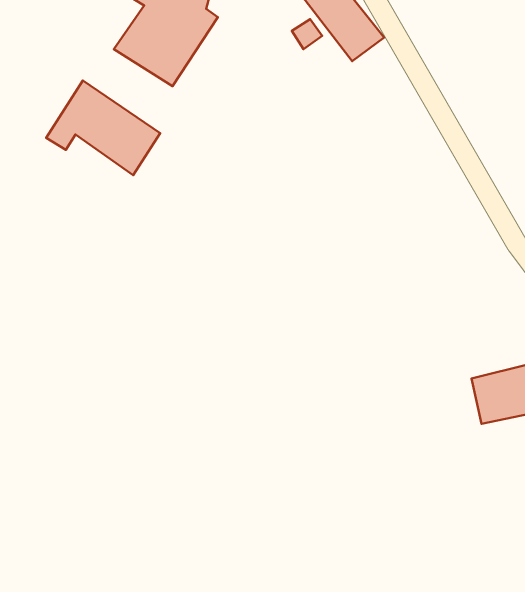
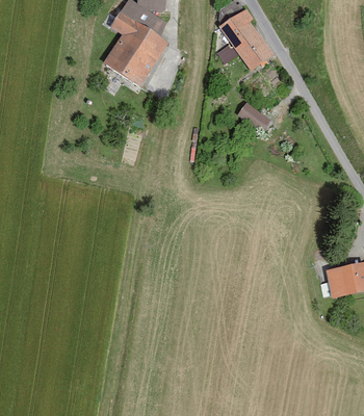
building: [46,81,160,175] -> none
building: none -> [236,103,274,137]

